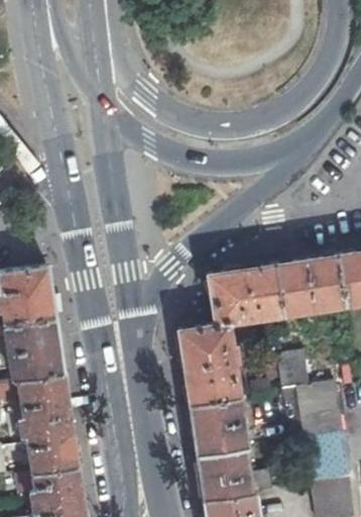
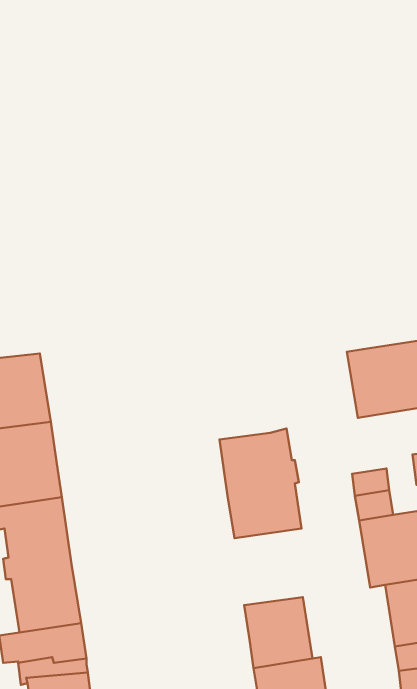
building: [209,266,281,325] -> none
building: [191,396,248,452] -> none

